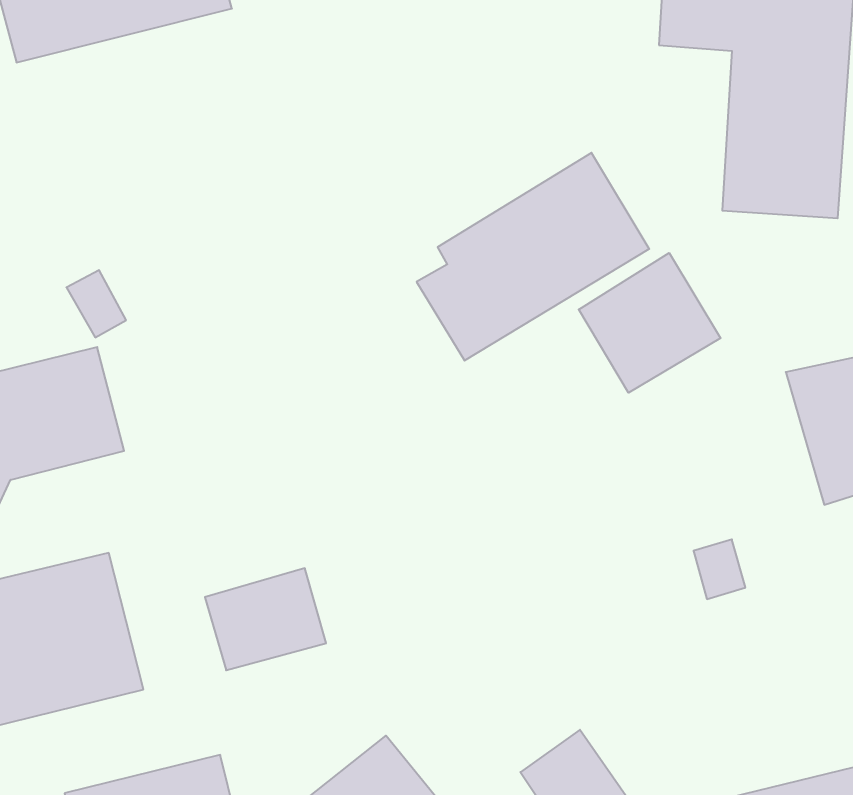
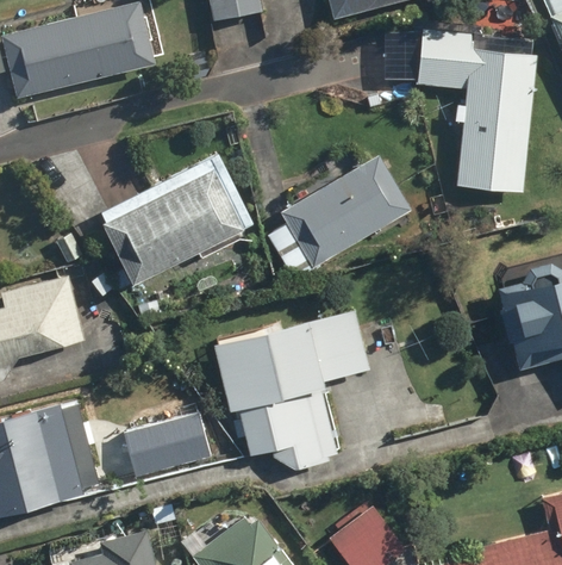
building: none -> [95,151,255,287]
building: [579,253,721,393] -> none
building: none -> [211,310,369,464]

